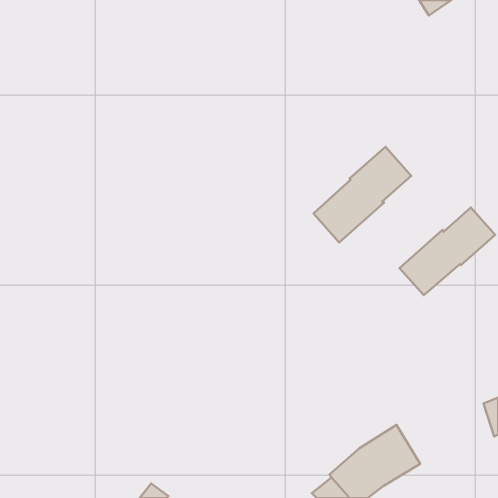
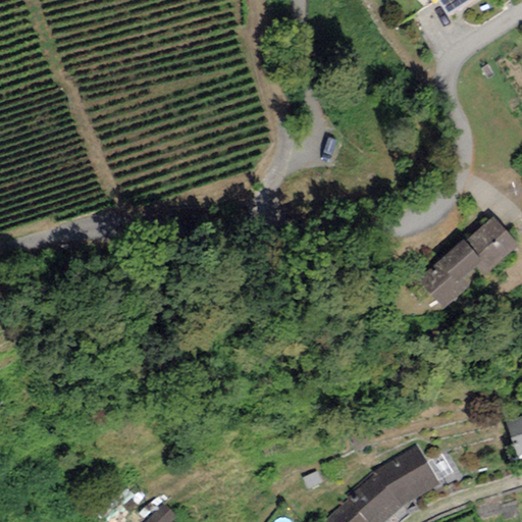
building: [313,147,411,243] -> none

